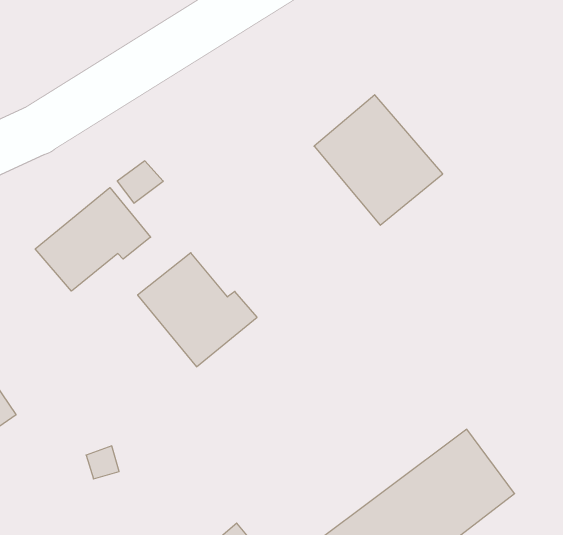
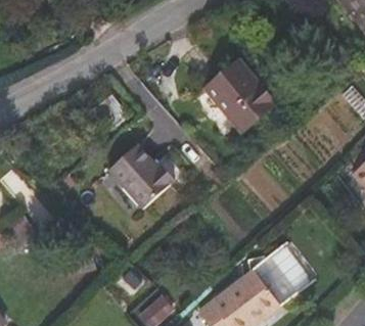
building: [35,188,151,291] -> none

